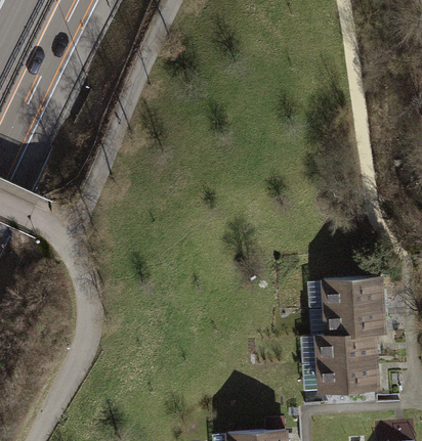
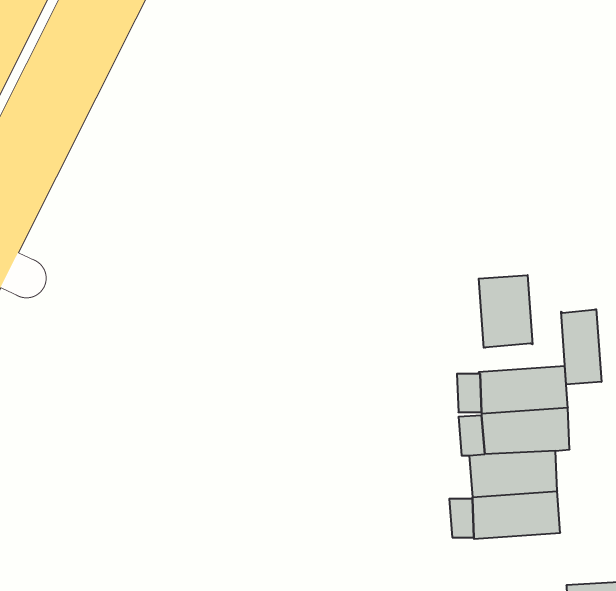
building: none -> [479,275,532,348]
building: none -> [561,309,601,384]

